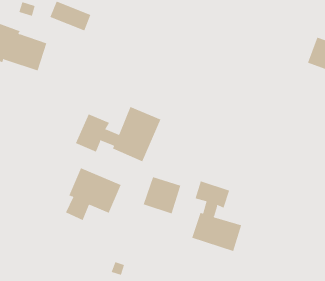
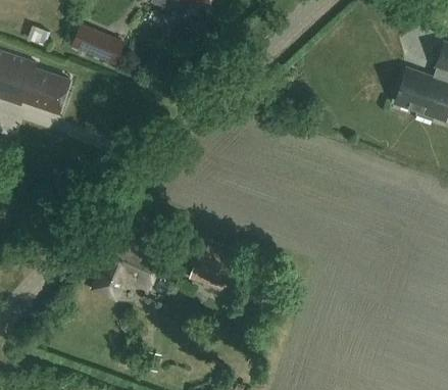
building: [75,106,161,162] -> none
building: [191,180,242,252] -> none

